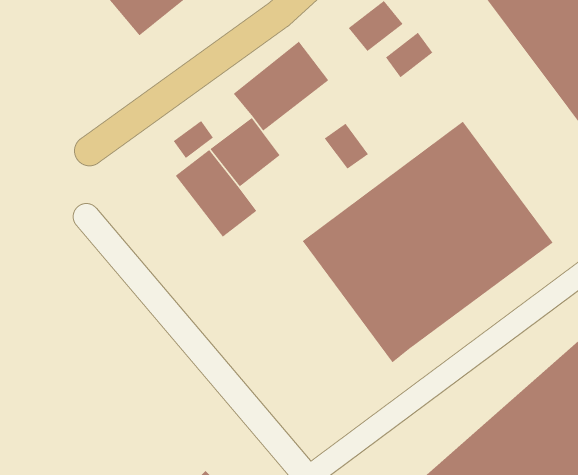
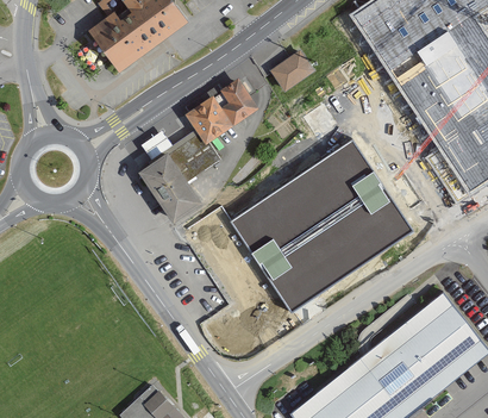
building: [385,32,433,78] -> none
building: [324,123,369,170] -> none

